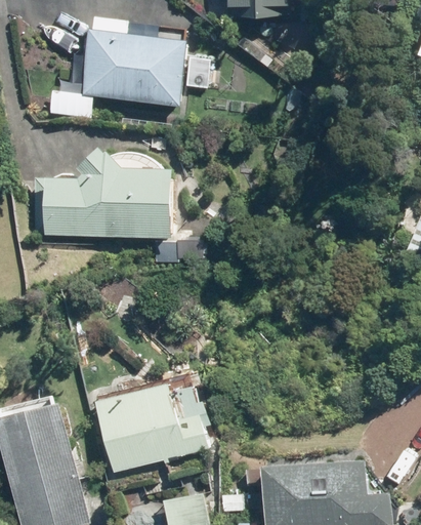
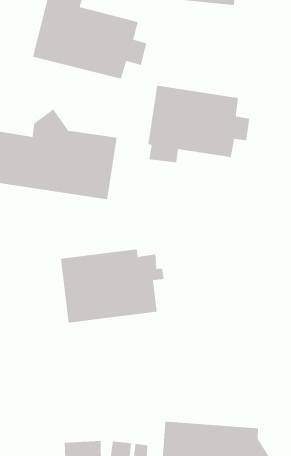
building: none -> [148,85,250,163]
building: [93,382,207,471] -> [60,249,164,323]

